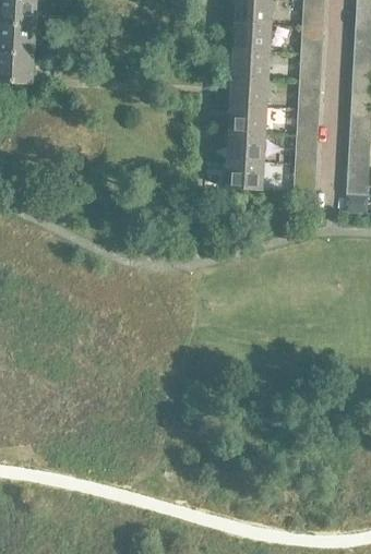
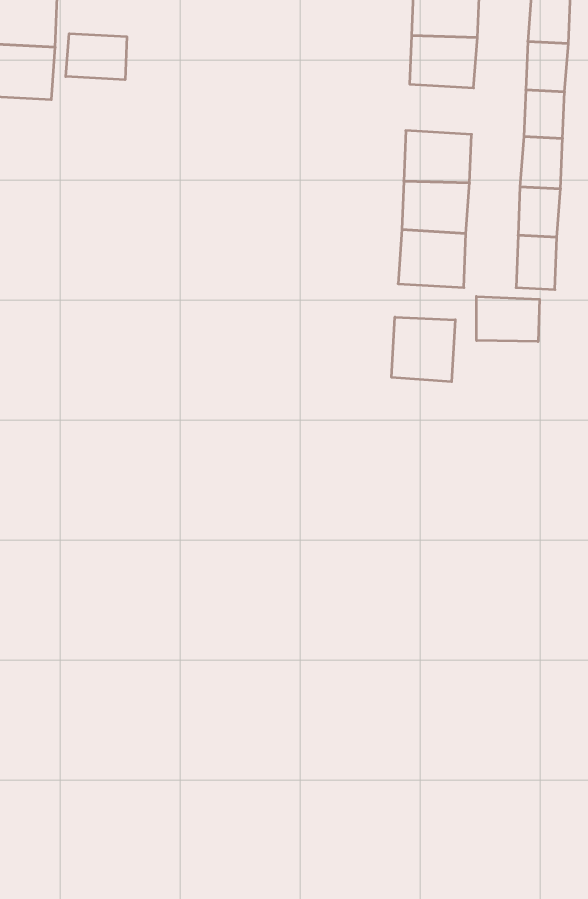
building: none -> [66,34,127,80]
building: [231,73,270,101] -> none
building: none -> [476,296,540,342]
building: none -> [392,317,455,382]

